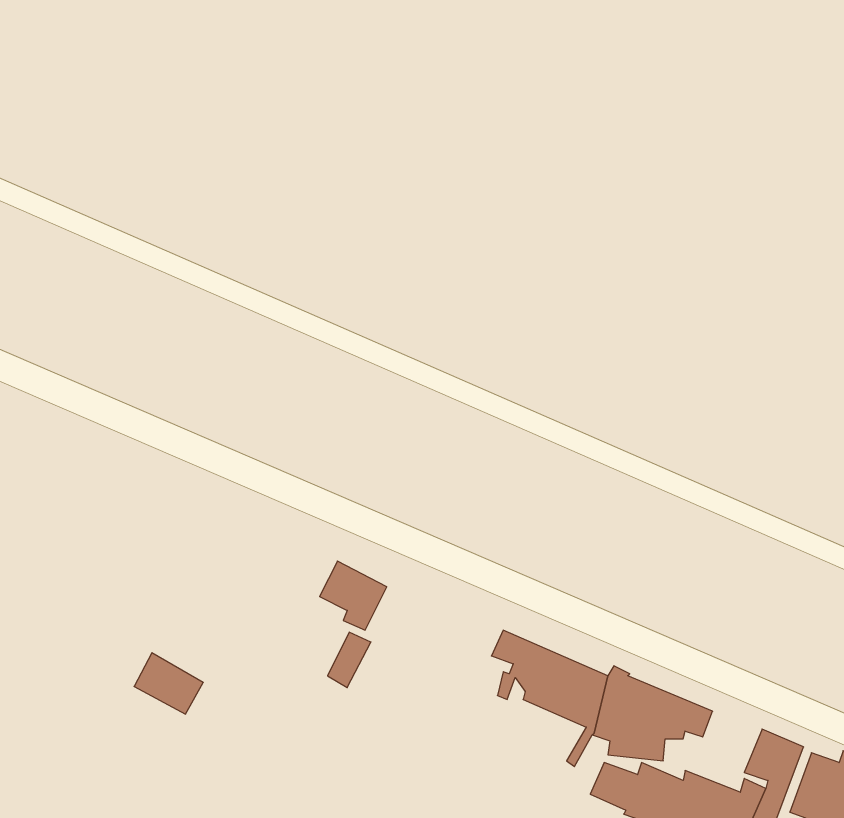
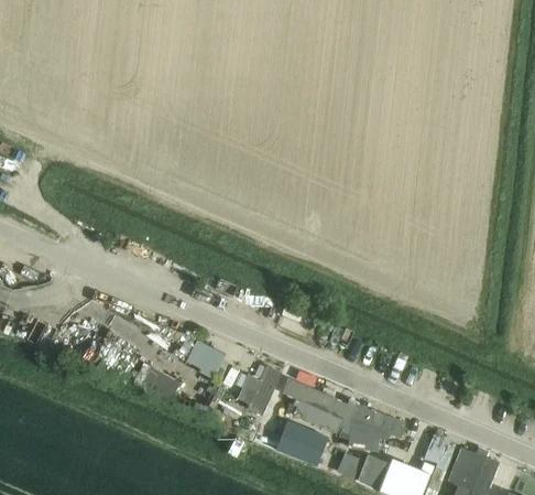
building: none -> [238,366,282,417]
building: [134,653,203,714] -> [142,367,181,401]
building: none -> [282,423,330,467]

